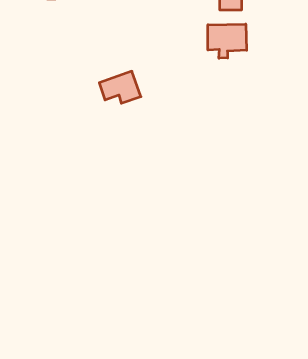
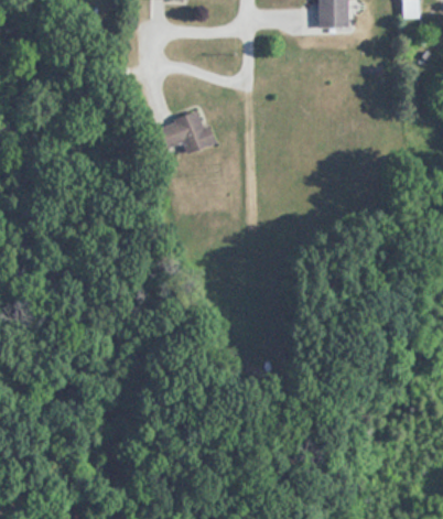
building: [208,24,247,58] -> none

